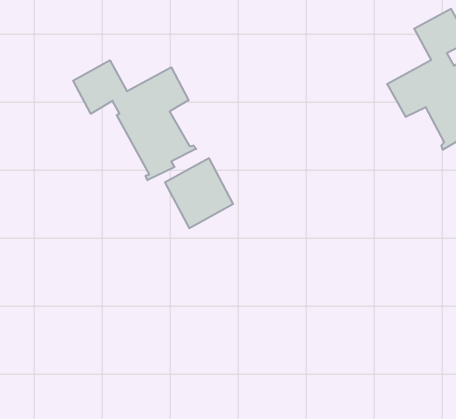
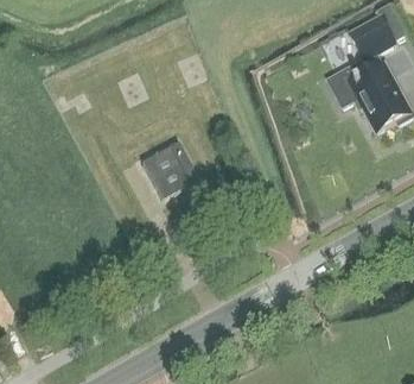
building: [73,60,196,180] -> none

